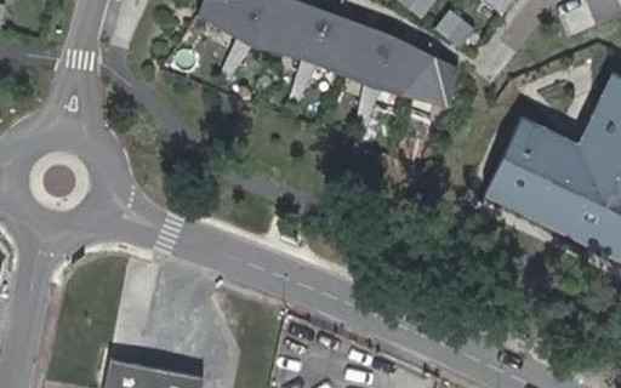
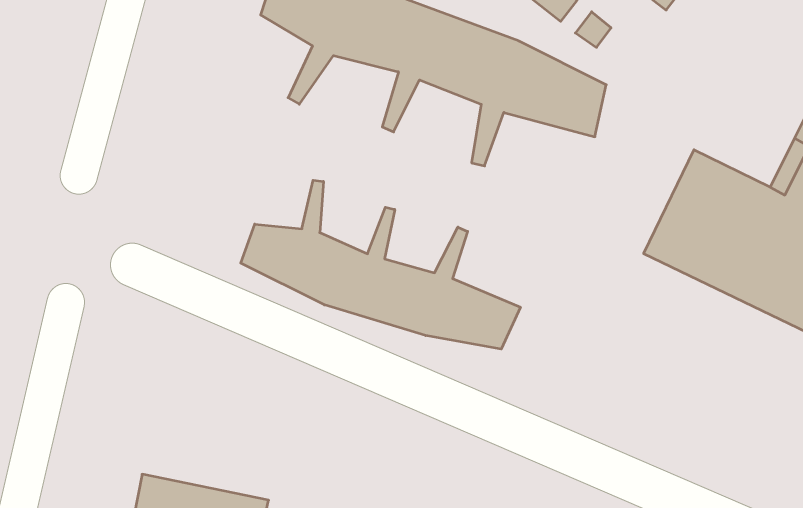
building: none -> [241,180,520,349]

